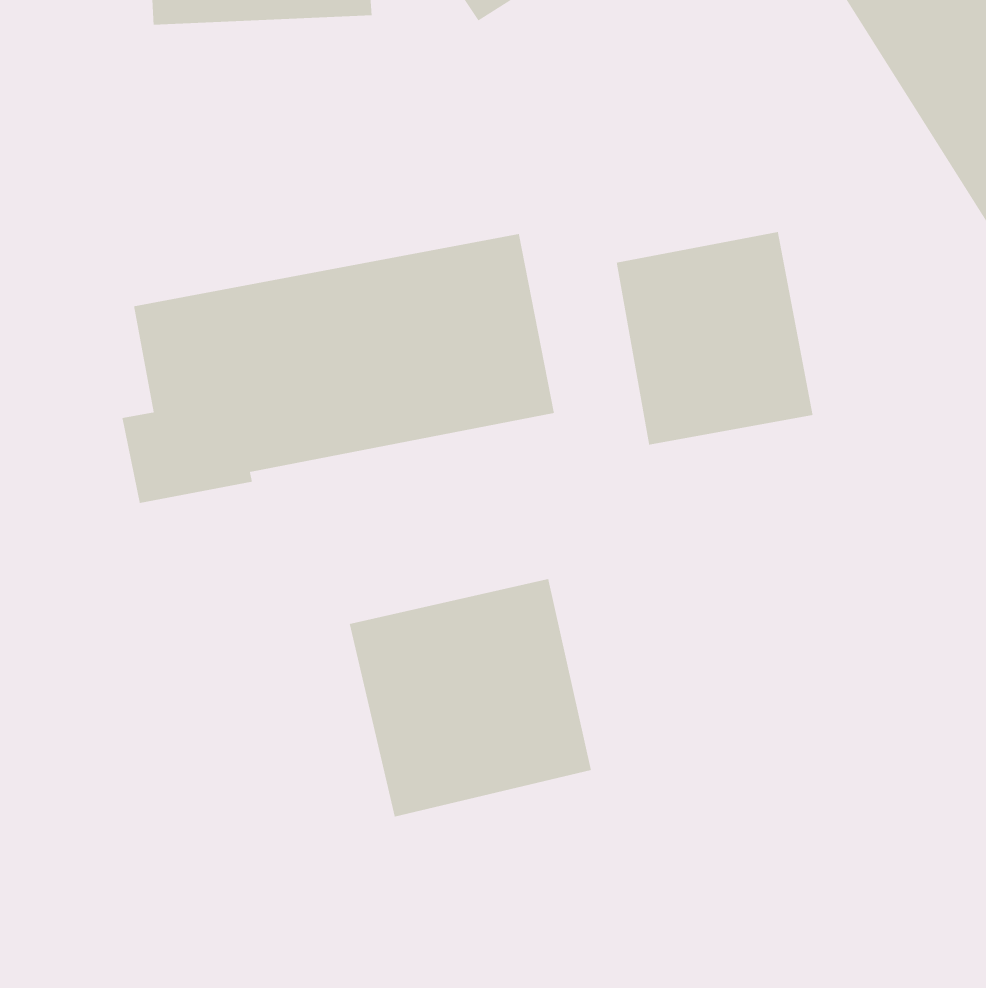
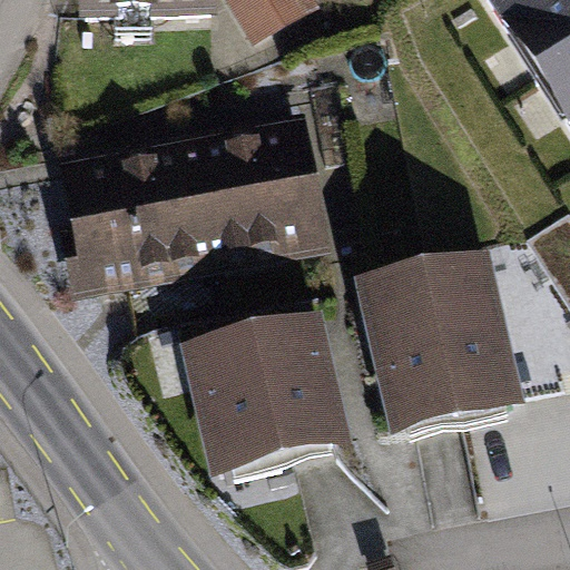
building: [616,231,814,445] -> none
building: none -> [380,268,519,429]

